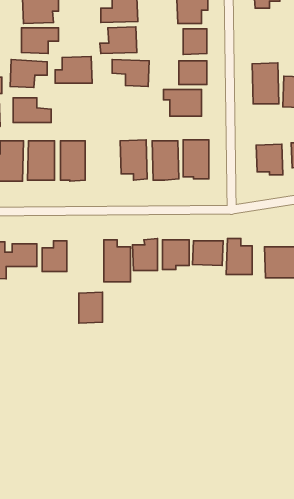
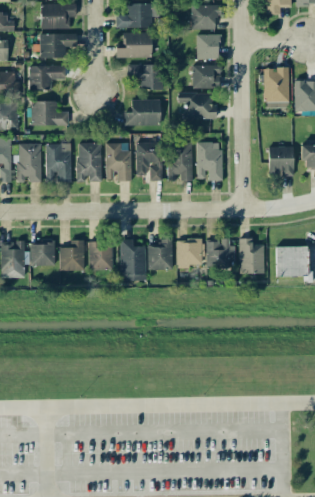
building: [55,56,92,83] -> [125,99,161,125]
building: none -> [106,143,132,181]
building: [79,292,102,323] -> [89,240,112,270]

